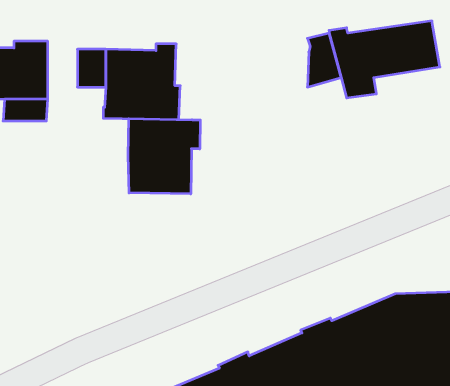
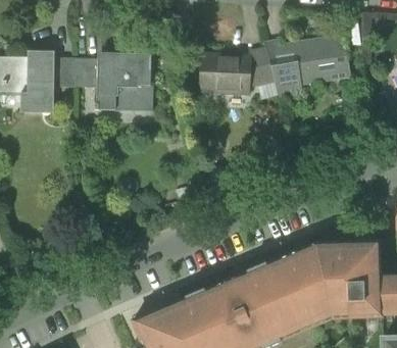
building: none -> [198,54,250,93]
building: none -> [53,57,76,87]
building: [128,119,200,194] -> none

